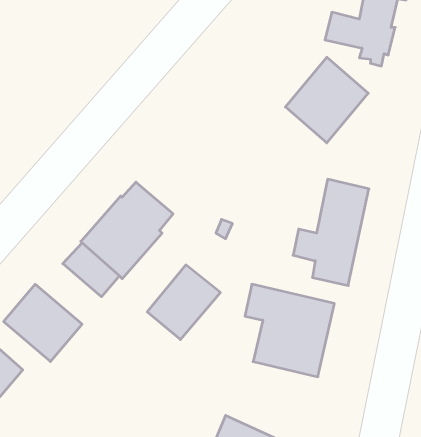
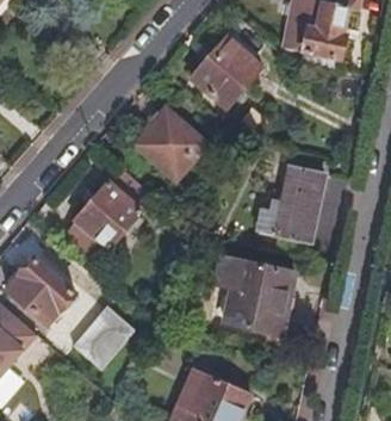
building: [285,57,368,143] -> [191,35,262,109]
building: none -> [134,106,209,180]
building: [147,265,220,340] -> [76,302,139,366]

